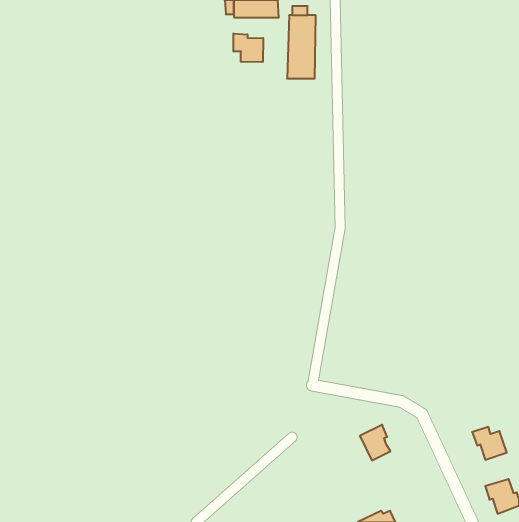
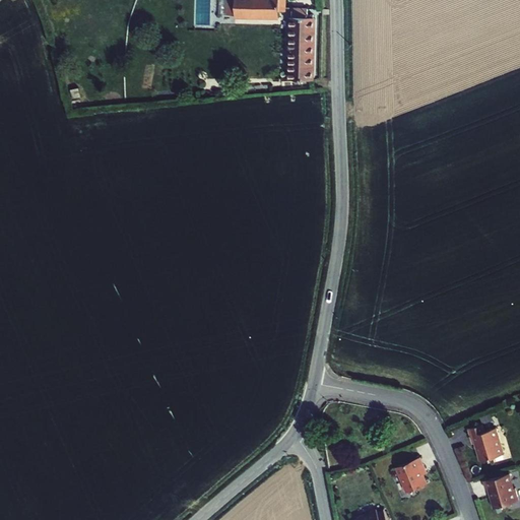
building: [234,33,263,62] -> none
building: [360,425,390,460] -> [398,459,429,495]

